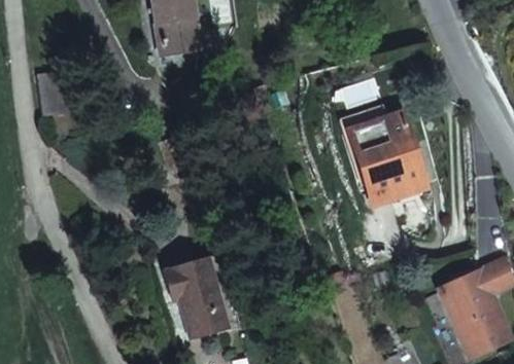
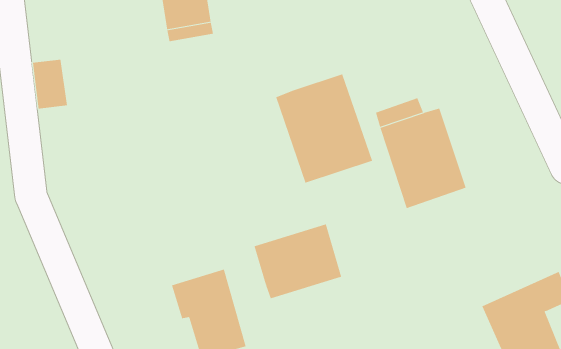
building: none -> [276,74,373,184]
building: none -> [254,223,342,299]

